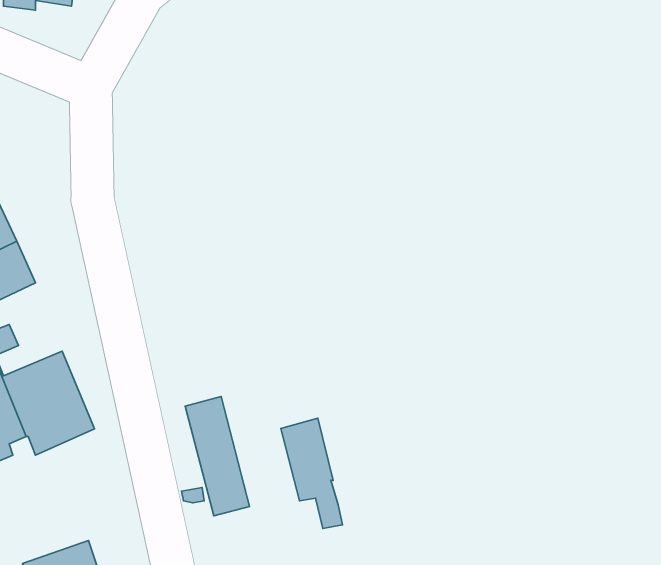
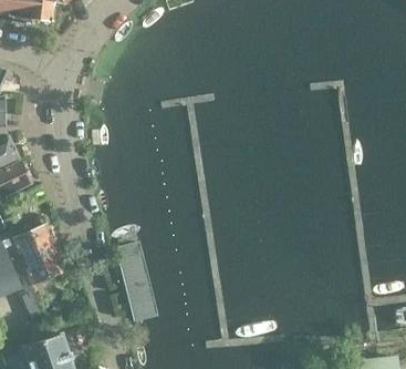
building: [281,418,342,528] -> none

